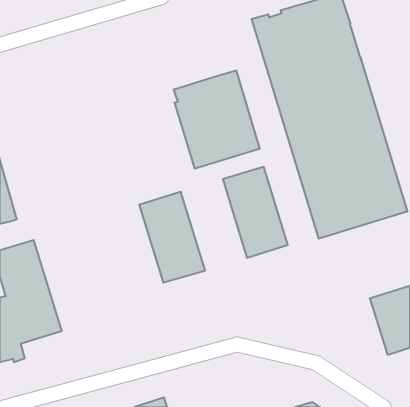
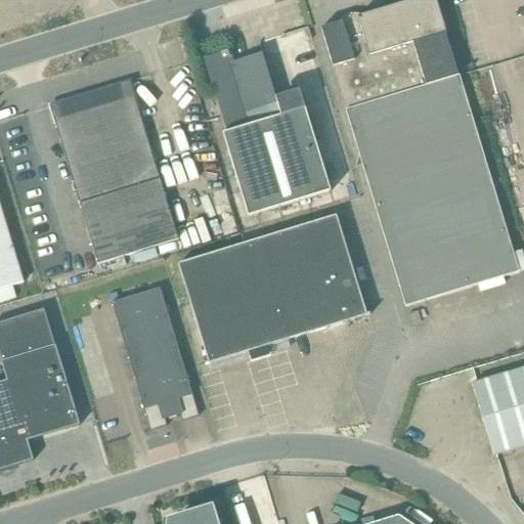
building: none -> [203,49,276,115]
building: none -> [49,78,177,261]
building: none -> [230,228,314,345]
building: none -> [112,285,199,428]

